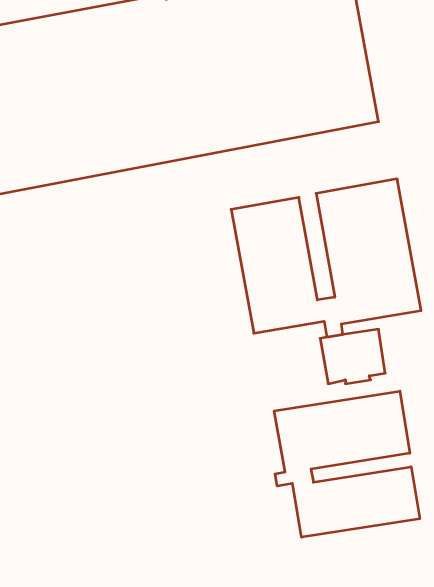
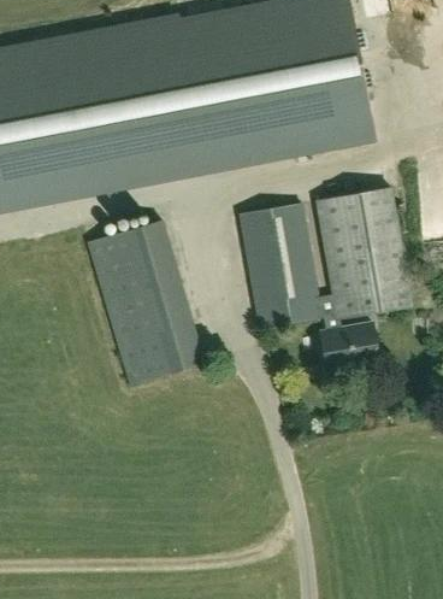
building: none -> [88,217,205,384]
building: [274,391,420,537] -> none

